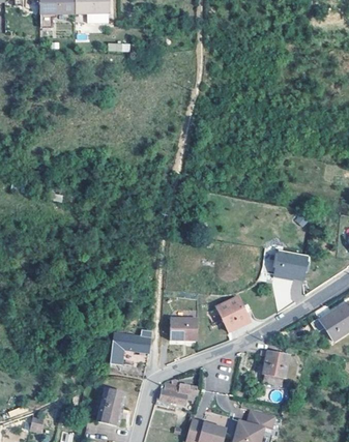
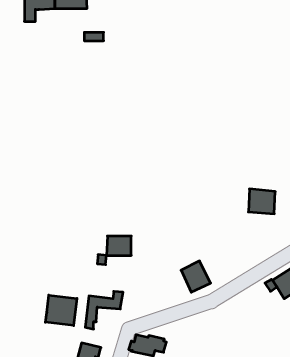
building: [273,254,303,282] -> [248,189,275,214]
building: [169,317,197,338] -> [106,236,131,255]
building: none -> [45,295,77,326]
building: [263,350,290,384] -> none

